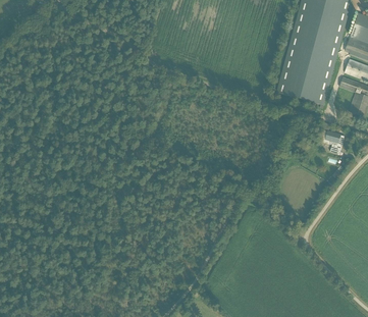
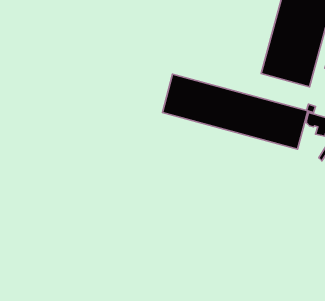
building: none -> [162,74,308,149]

